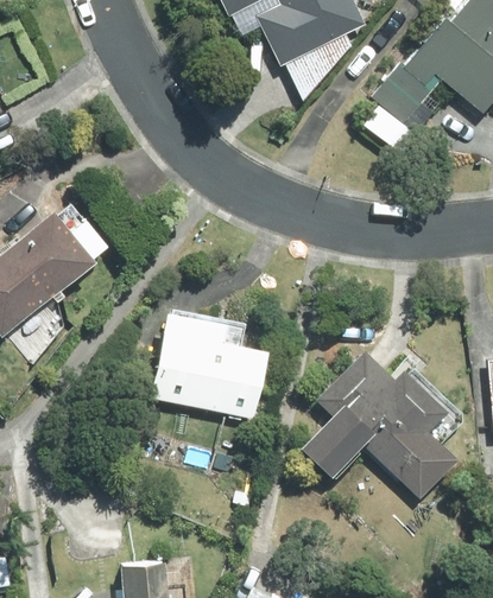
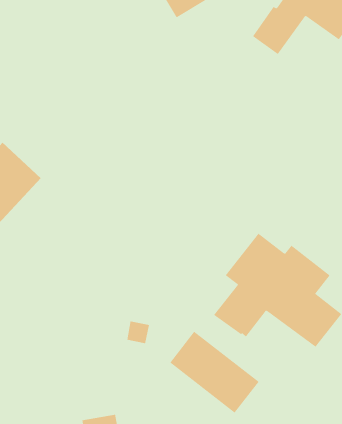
building: [147,325,267,418] -> none
building: none -> [169,331,259,413]

